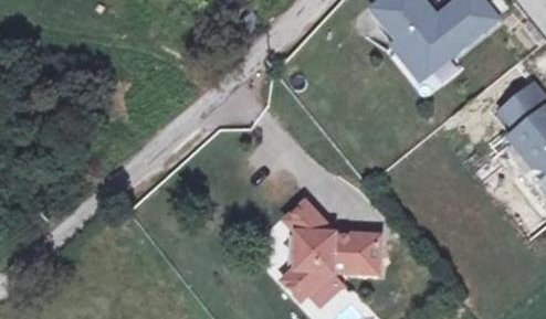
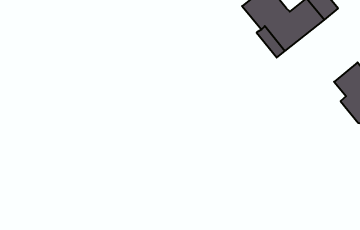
building: [283,204,377,300] -> none

